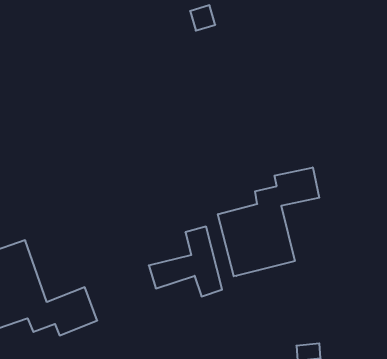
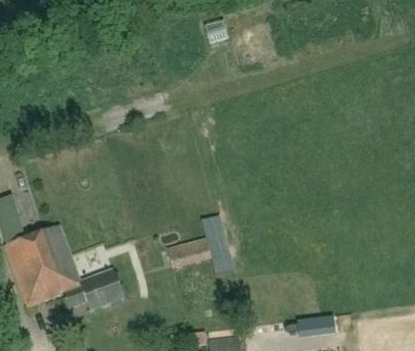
building: [218,167,319,276] -> none

